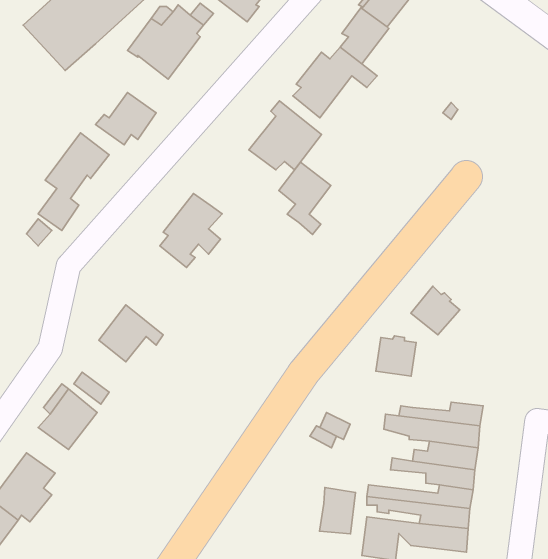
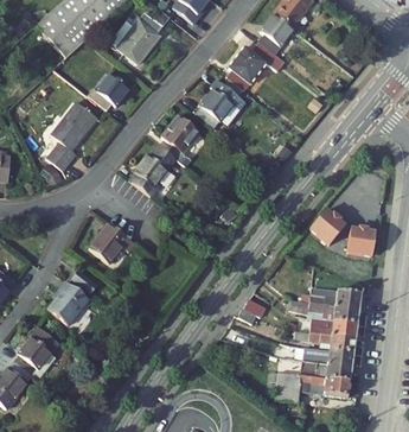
building: [279,162,331,234] -> [162,115,199,166]
building: [376,336,416,376] -> [346,227,375,255]
building: [320,487,355,534] -> none

